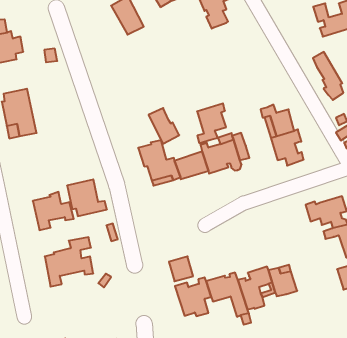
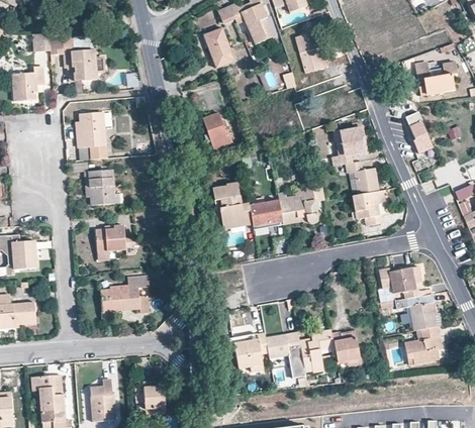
building: [197,103,226,143] -> [331,127,364,166]
building: [149,108,179,144] -> [203,113,232,150]
building: [67,179,107,216] -> [84,169,122,205]

